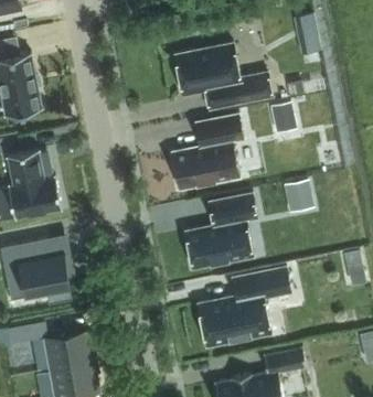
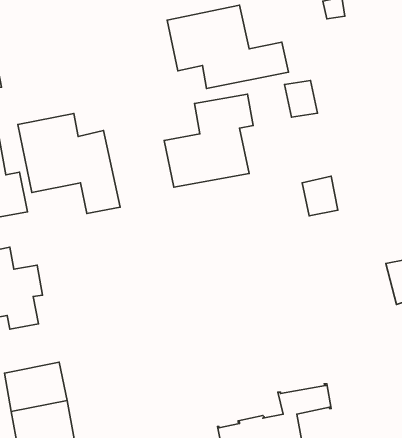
building: none -> [18,113,120,214]
building: [184,193,257,268] -> none
building: [198,267,291,346] -> none

